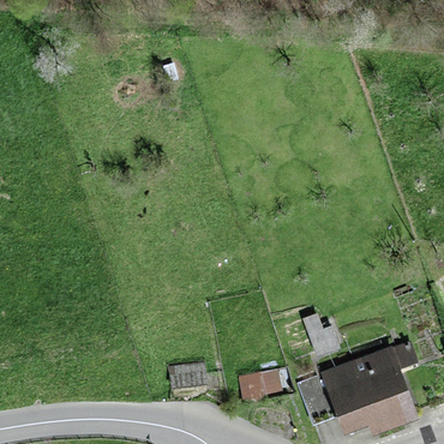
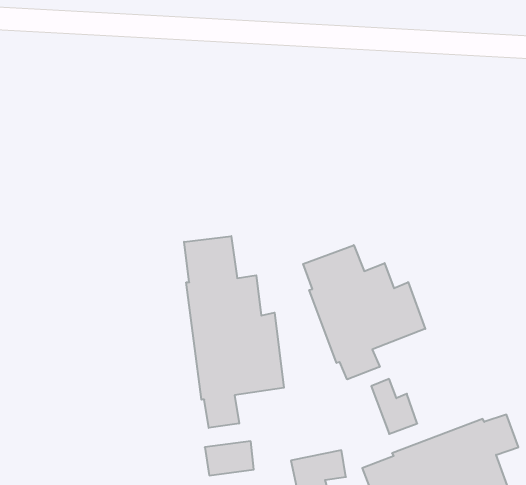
building: none -> [184,236,284,428]
building: none -> [303,245,425,379]

